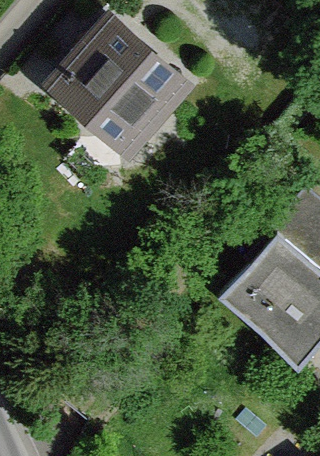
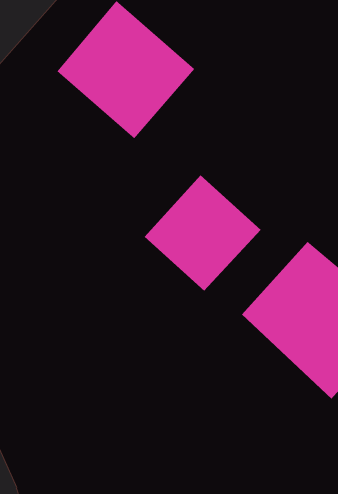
building: none -> [144,174,262,291]

